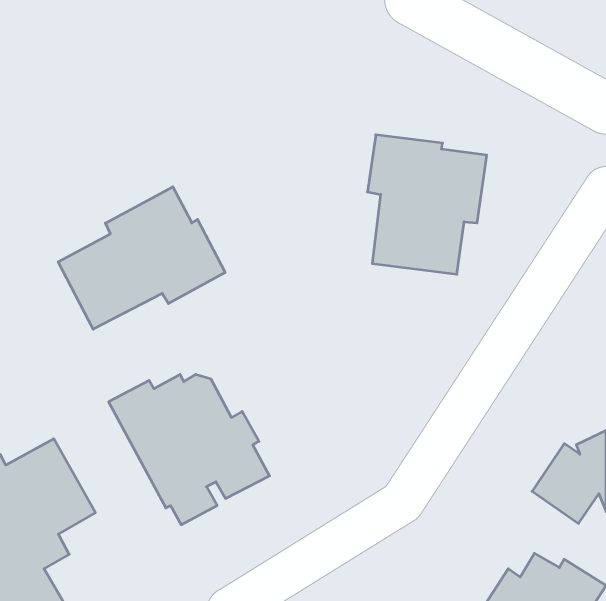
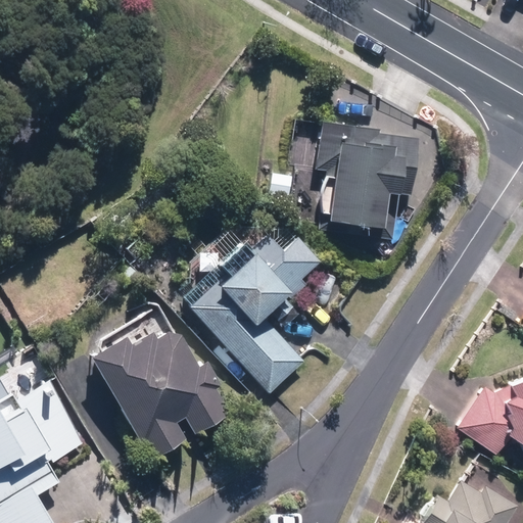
building: [58,187,225,329] -> none
building: none -> [190,234,321,395]

